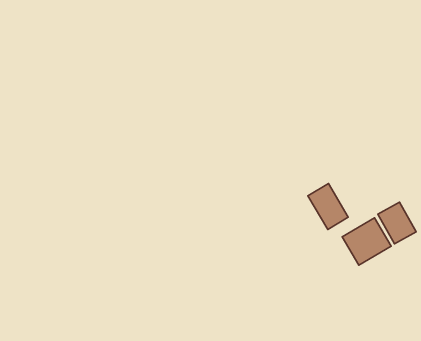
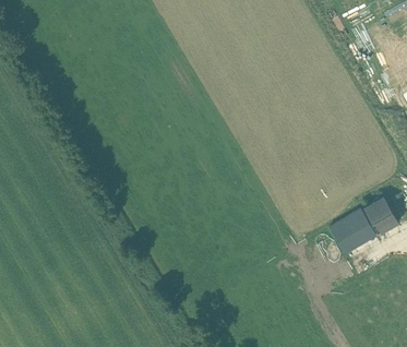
building: [308,184,348,229] -> none

